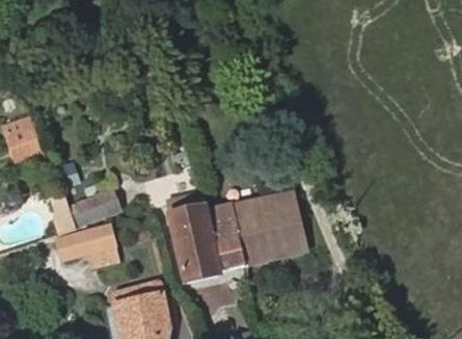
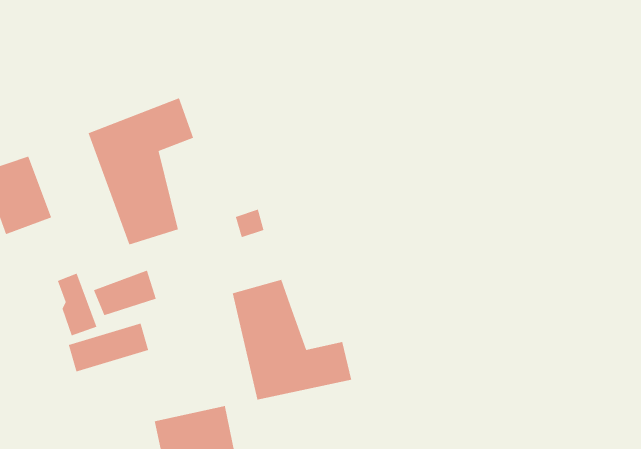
building: none -> [87,97,194,246]
building: [206,194,306,264] -> none

